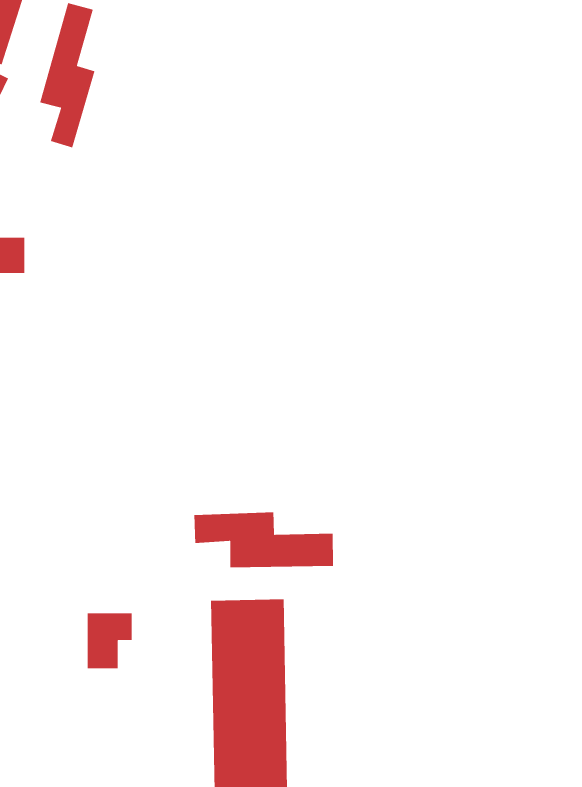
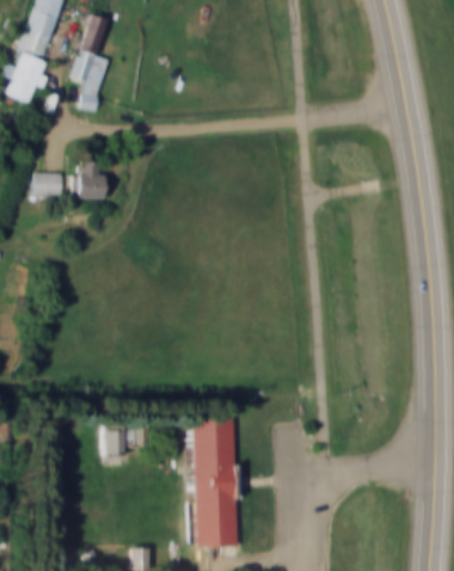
building: none -> [74,161,100,198]
building: [193,512,334,568] -> none

